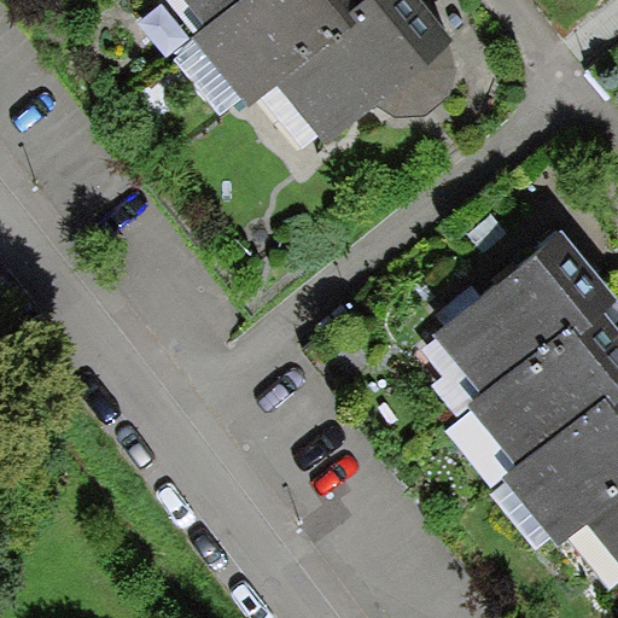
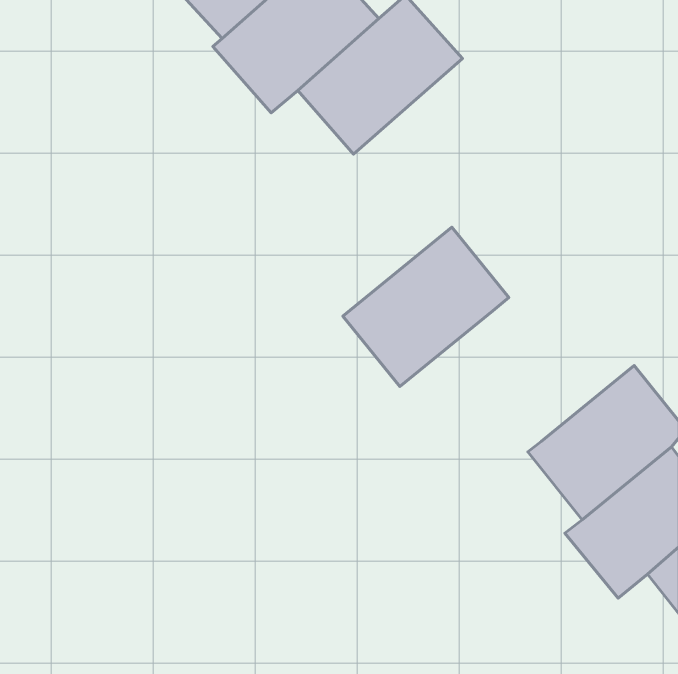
building: [441,256,591,401] -> [343,227,509,387]

